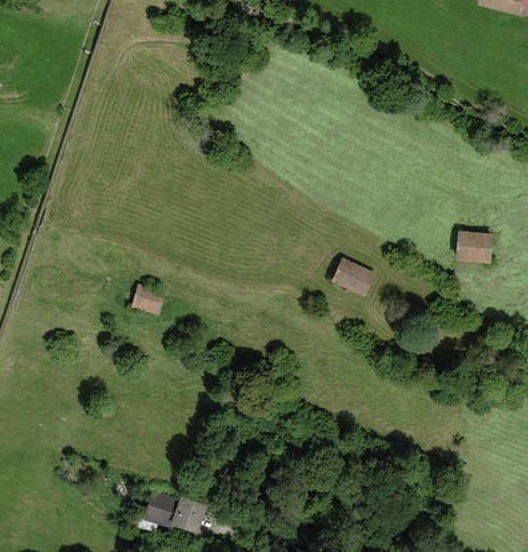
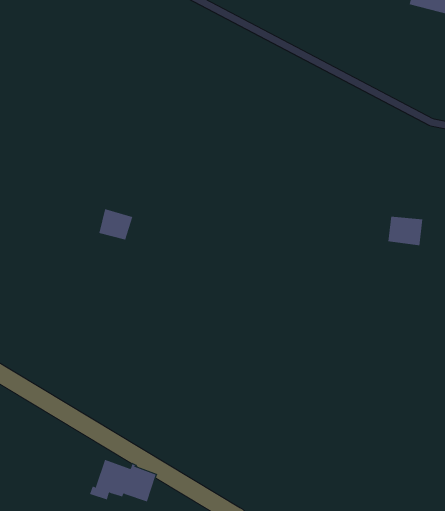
building: [334,258,376,296] -> none
building: [130,282,167,316] -> [98,209,133,240]

